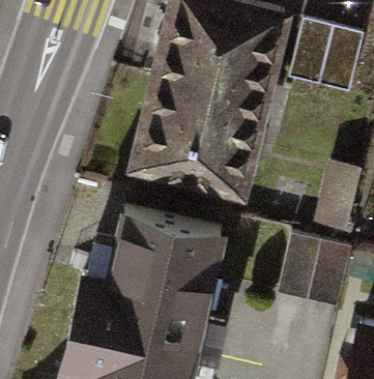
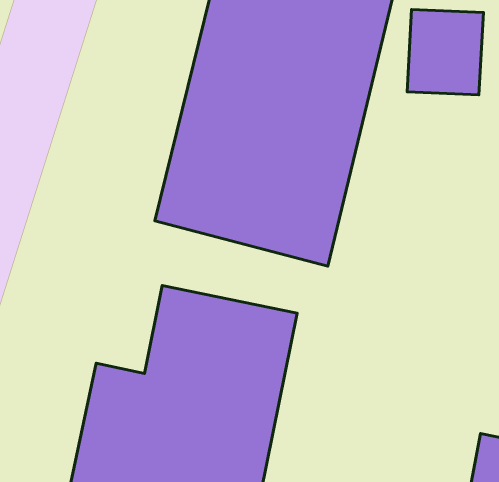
building: [277,233,350,304] -> none

